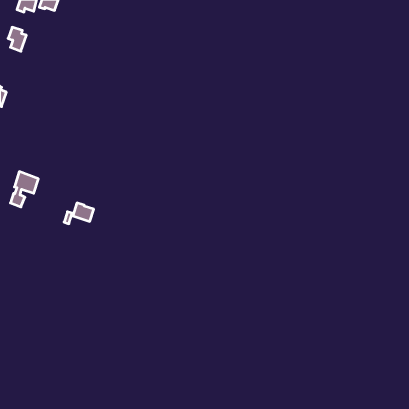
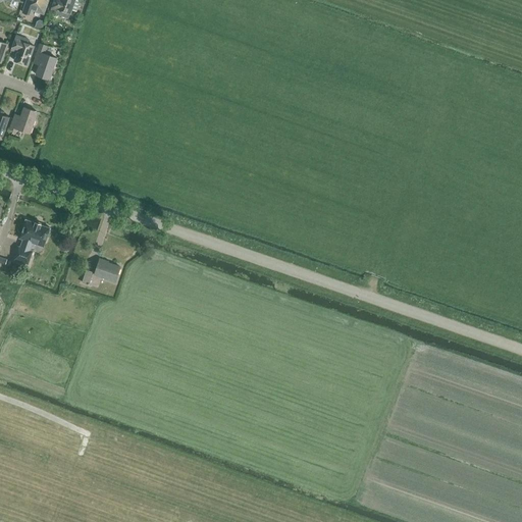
building: none -> [32,43,56,79]
building: none -> [9,107,37,133]

